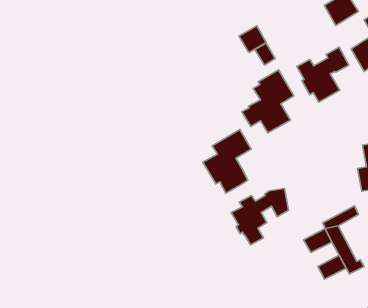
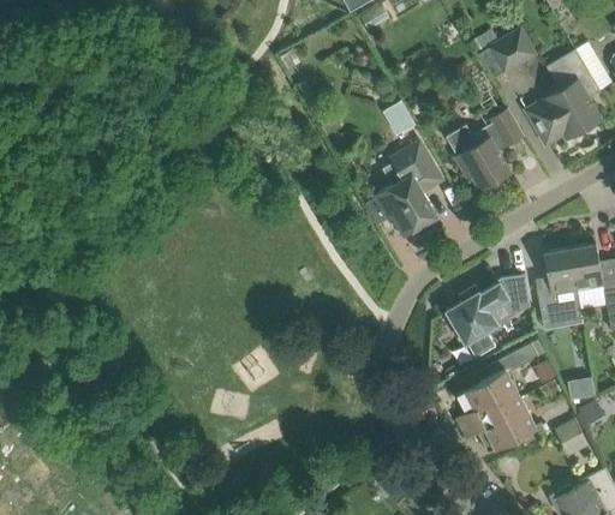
building: [239,26,266,53] -> none
building: [203,129,251,193] -> none
building: [231,188,289,245] -> [446,275,531,359]
building: none -> [455,397,509,439]

